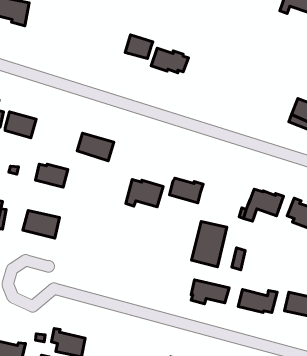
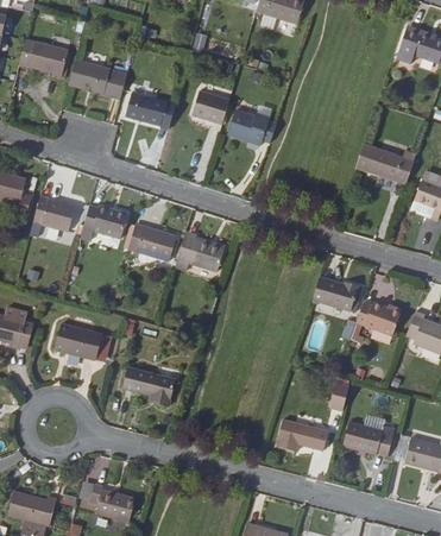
building: none -> [65,59,124,100]
building: none -> [124,90,172,127]
building: none -> [353,140,414,182]
building: [36,164,68,187] -> [81,203,124,234]
building: [169,178,203,203] -> [310,273,355,307]
building: [126,179,163,207] -> [172,234,222,271]
building: [192,222,227,267] -> none
building: none -> [122,367,175,406]

